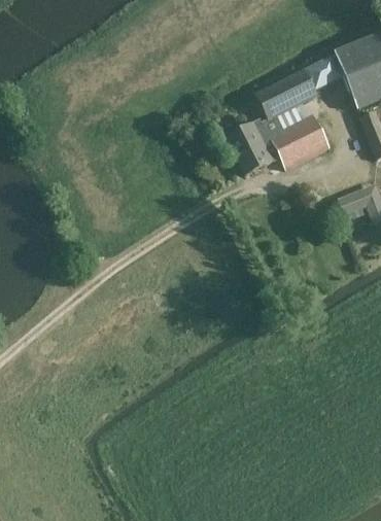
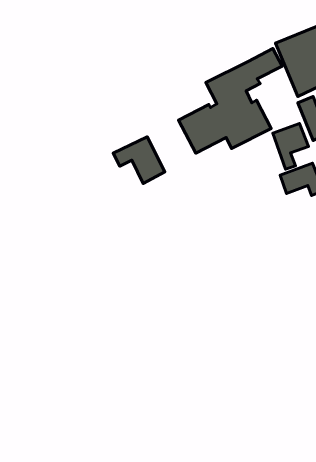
building: none -> [273,123,309,169]
building: none -> [113,137,165,183]

